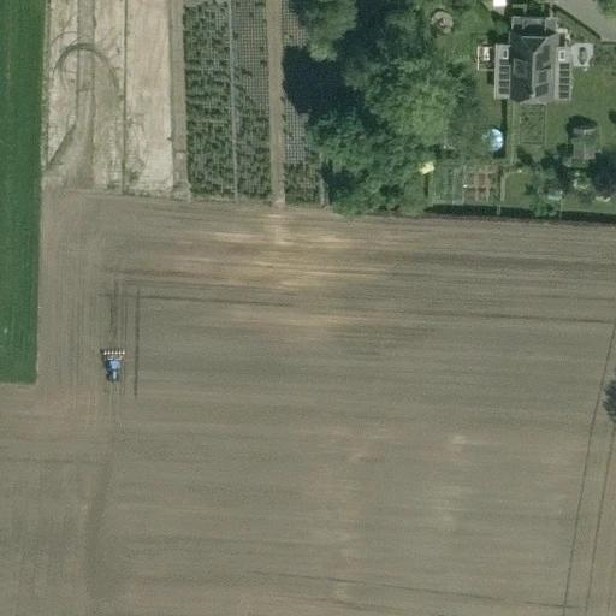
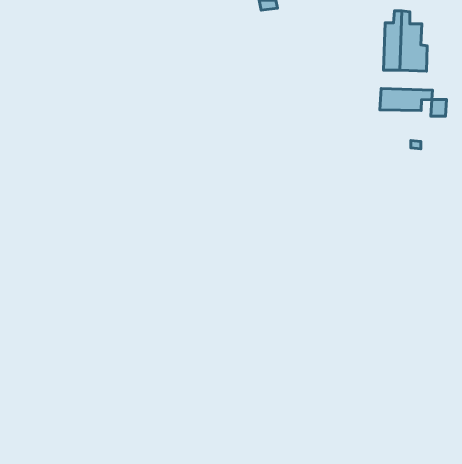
building: none -> [380,89,432,110]

